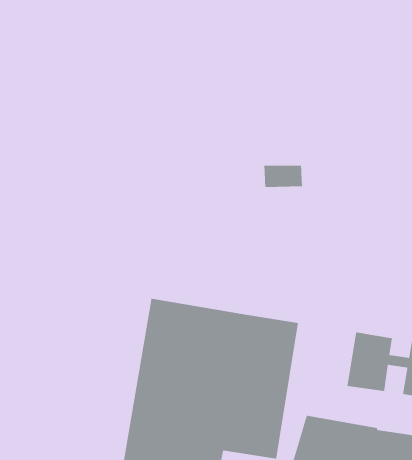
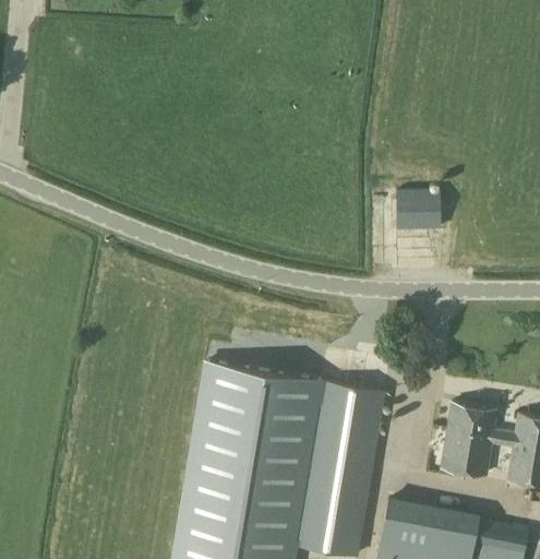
building: [264,165,303,188] -> [395,201,442,228]

